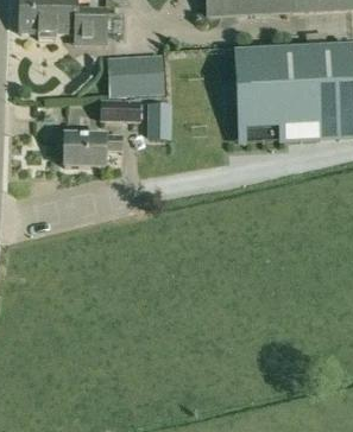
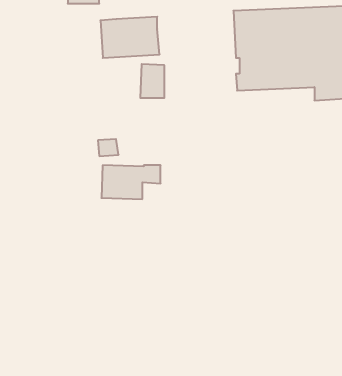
building: [99,99,139,121] -> none
building: [63,133,121,166] -> [101,165,161,199]

